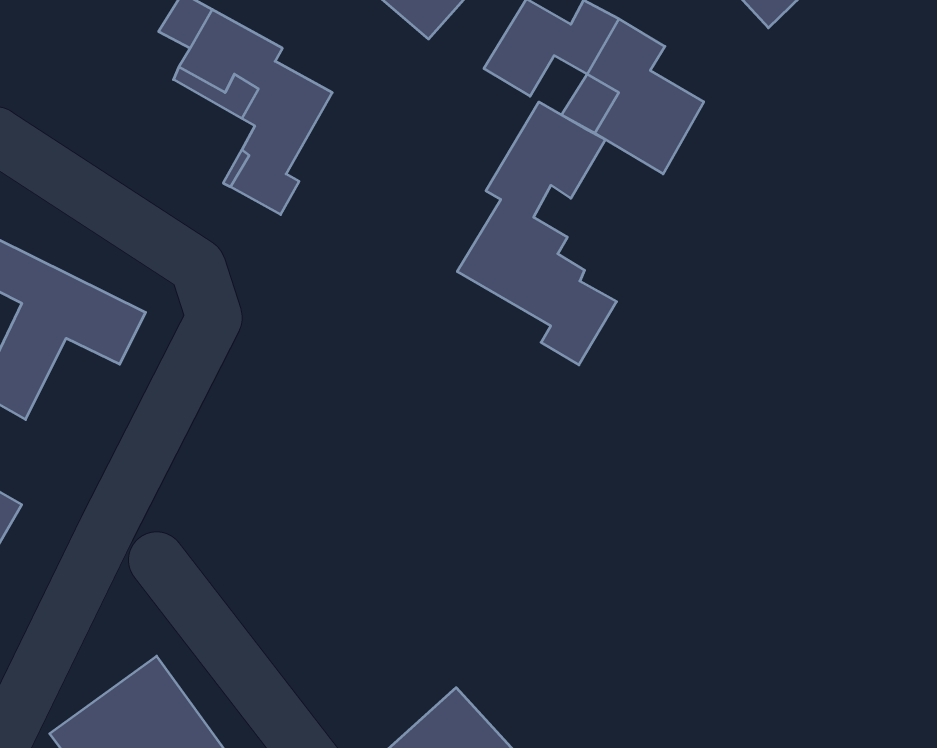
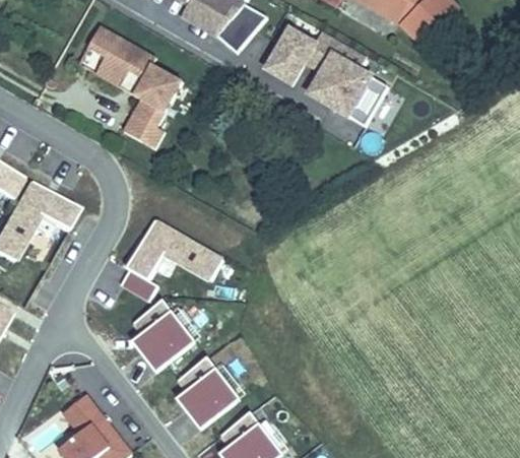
building: [457,102,617,365] -> none
building: none -> [118,217,223,301]
building: none -> [123,297,195,370]
building: none -> [174,354,240,429]

